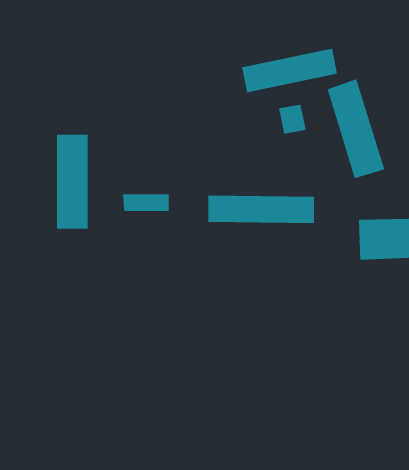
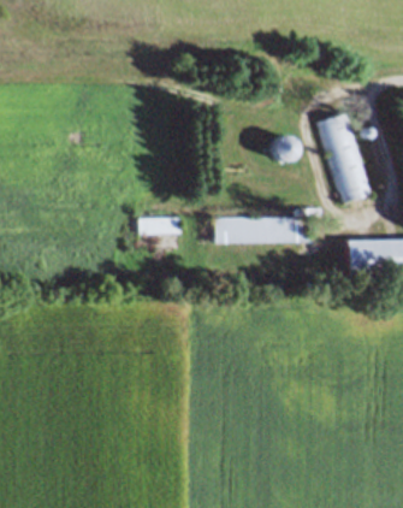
building: [242,48,338,93] -> none
building: [57,134,88,229] -> none

